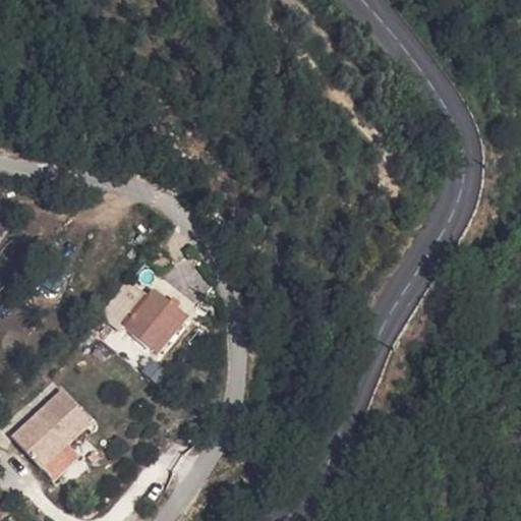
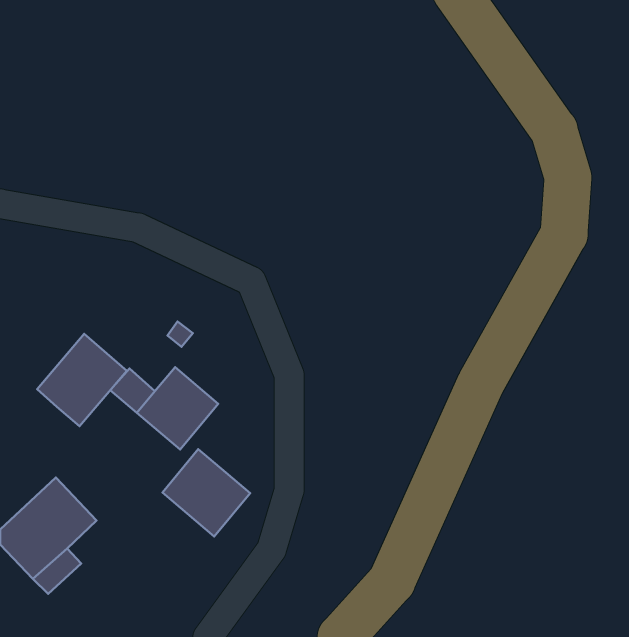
building: none -> [37,334,127,426]
building: none -> [162,449,250,536]

